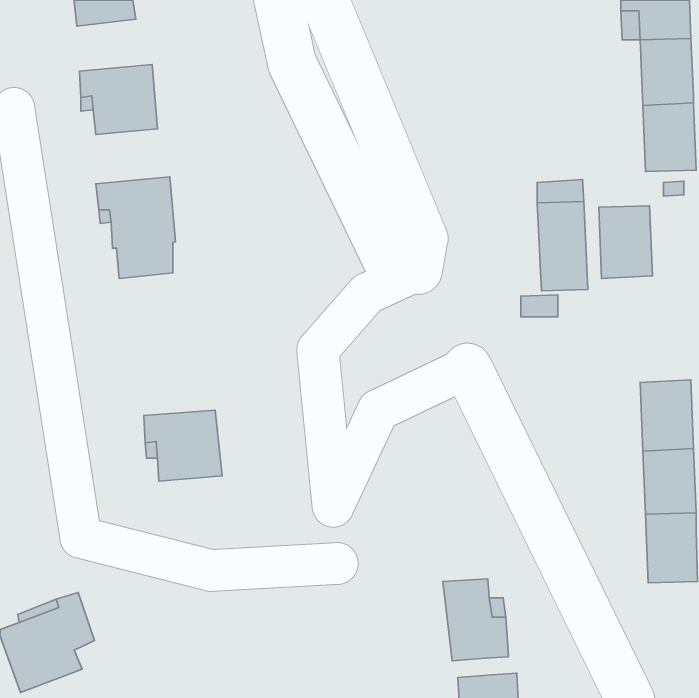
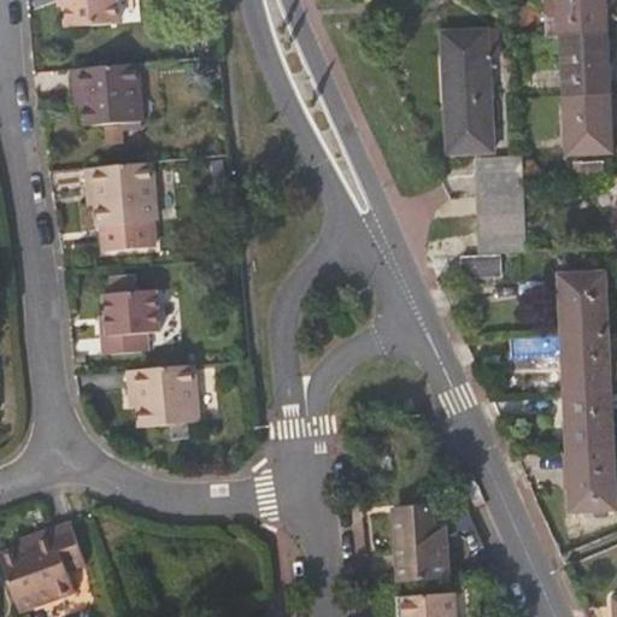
building: none -> [437,35,488,157]
building: [599,206,652,279] -> [562,275,609,339]
building: none -> [100,271,160,349]

